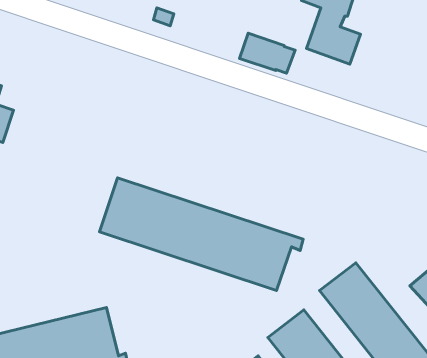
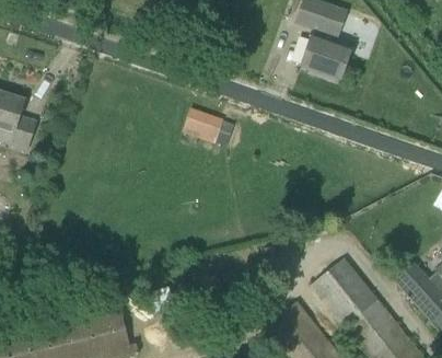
building: [240,33,295,73] -> [183,108,233,145]
building: [100,178,303,291] -> none

